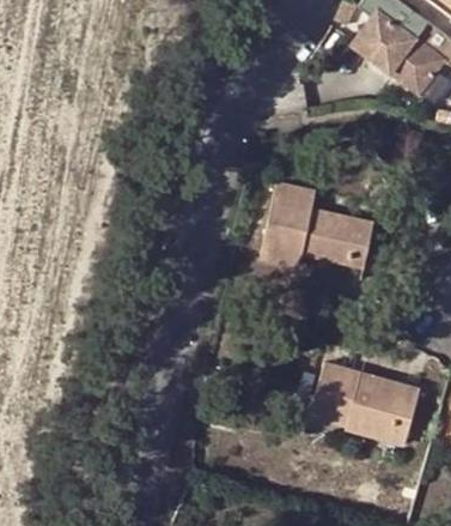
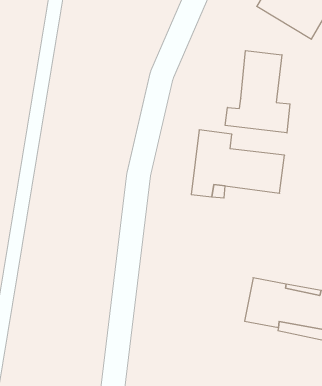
building: none -> [225,51,290,133]

